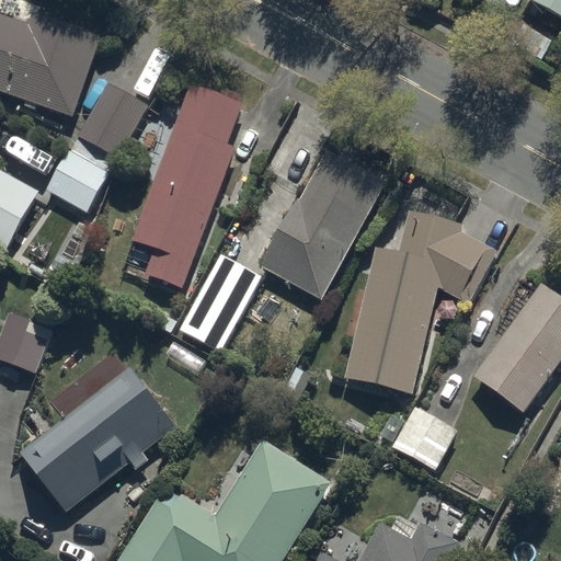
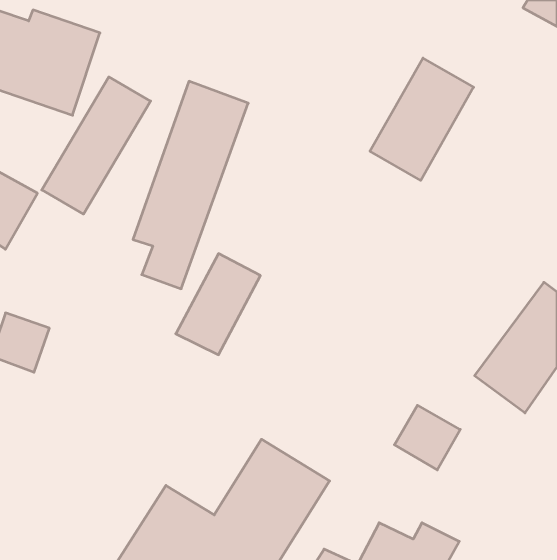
building: none -> [370,58,474,180]
building: [260,145,387,299] -> none
building: [345,209,496,394] -> none
building: [16,367,174,512] -> none

